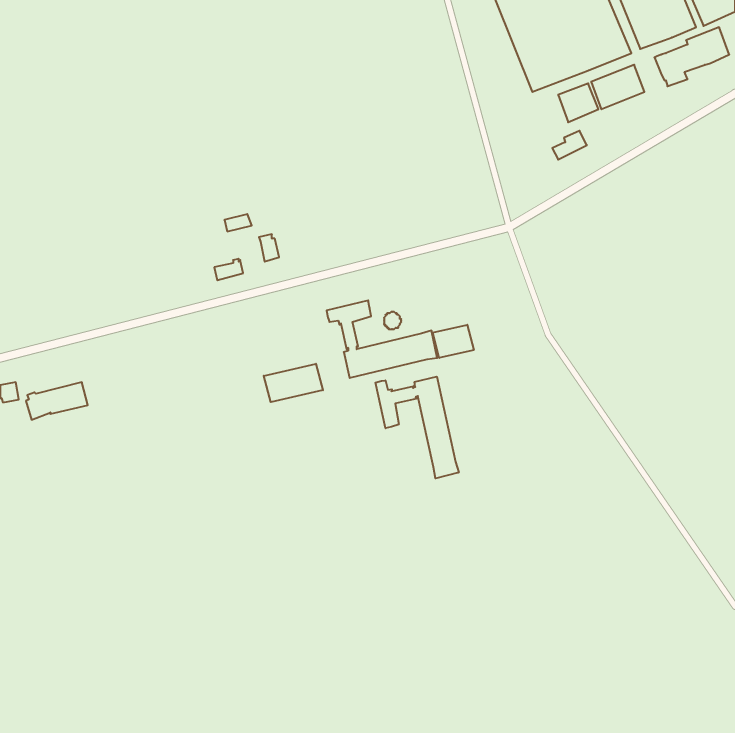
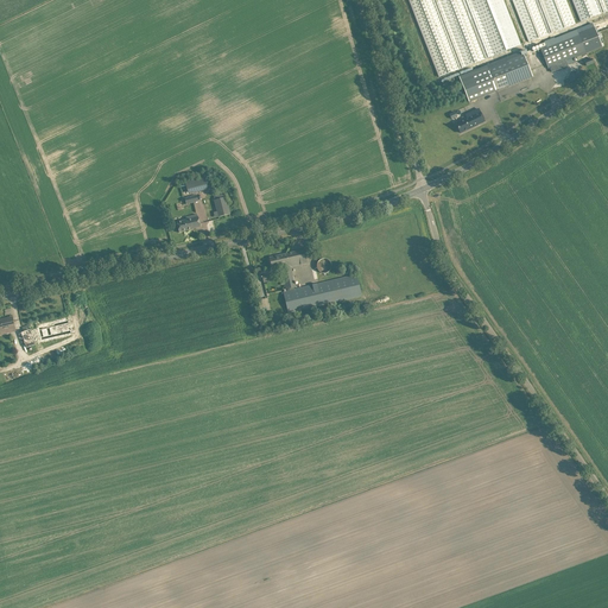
building: [433,325,474,358] -> none
building: [264,364,323,402] -> none
building: [375,377,459,478] -> none

